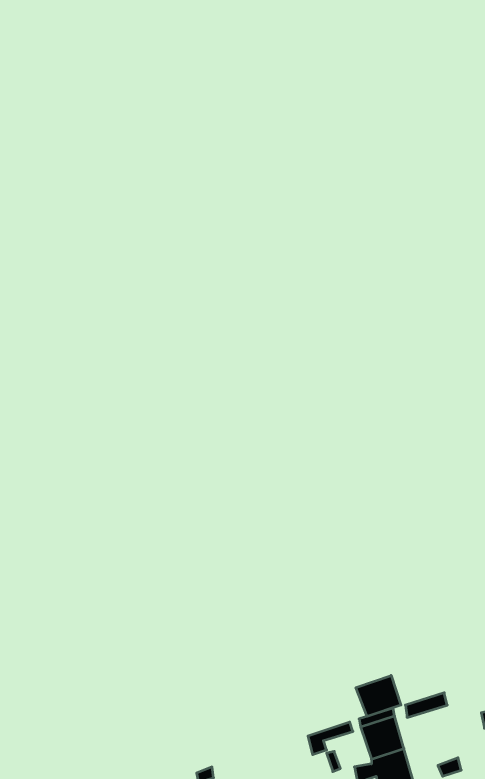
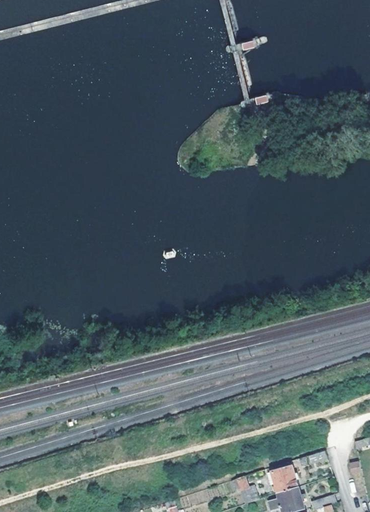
building: [356,675,401,716] -> none

